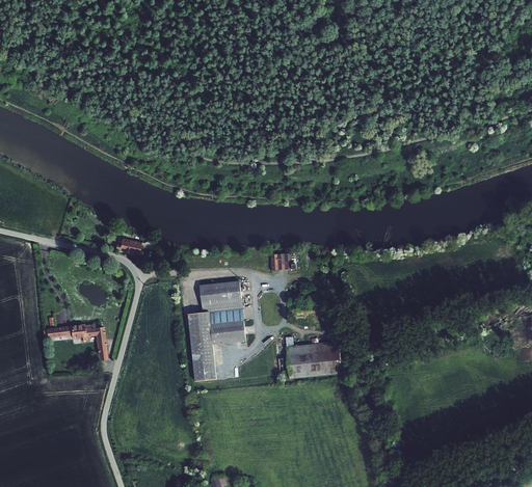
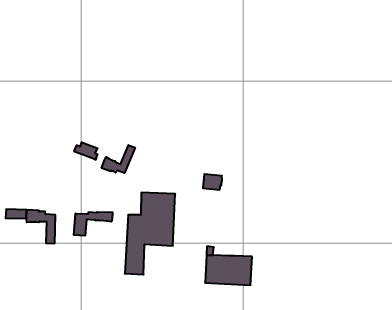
building: none -> [102,145,135,173]
building: none -> [74,212,113,236]

